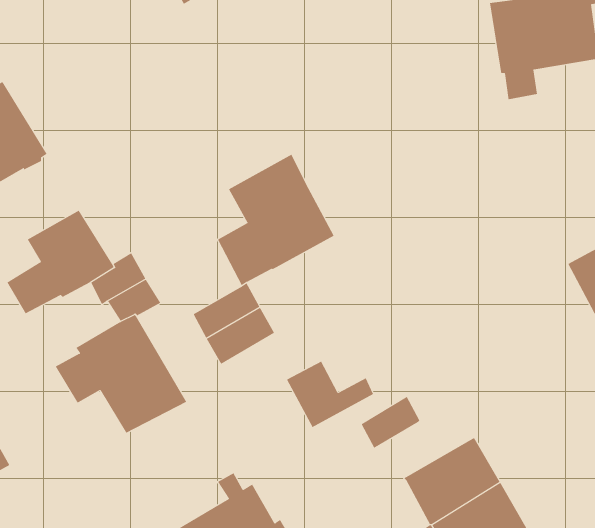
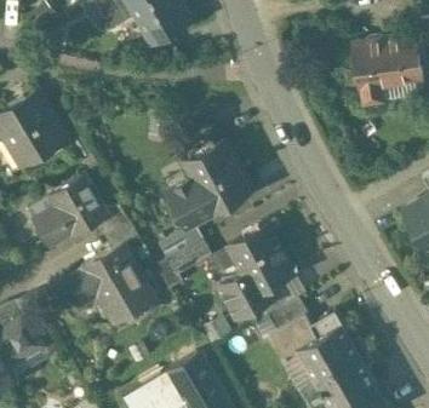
building: none -> [227,226,293,297]
building: none -> [269,312,341,361]

